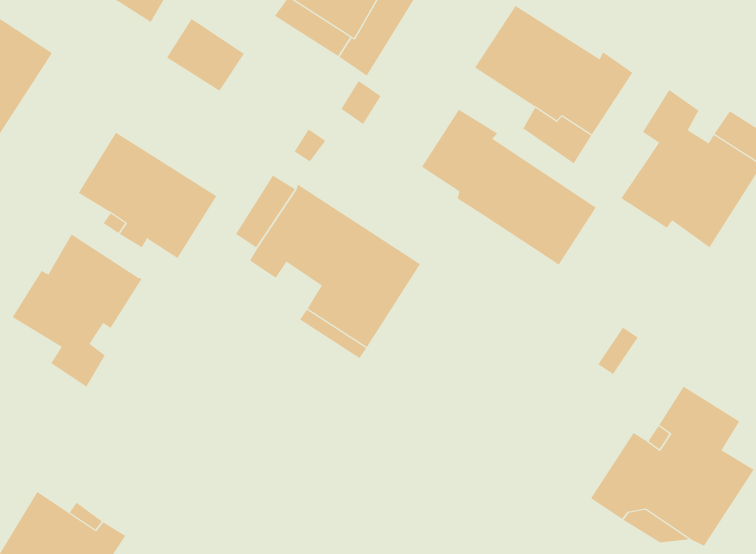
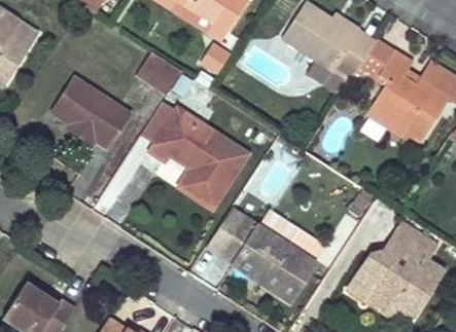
building: [166,18,245,91] -> [138,50,183,93]
building: [421,109,597,266] -> none
building: [12,234,143,388] -> none
building: none -> [222,213,318,299]

